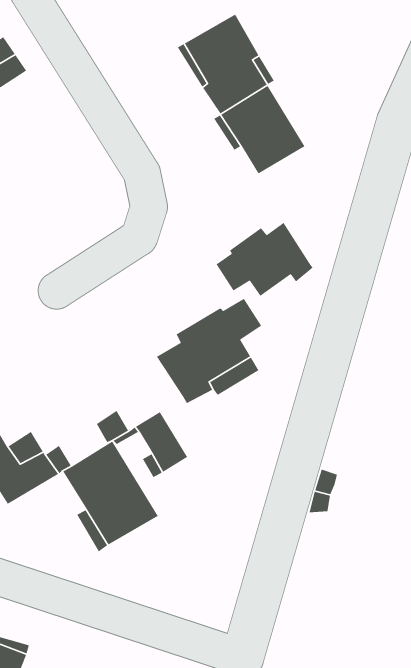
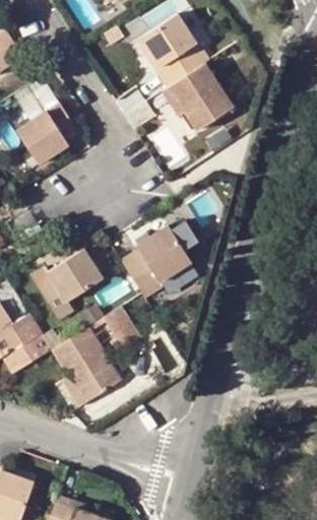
building: none -> [18,104,80,165]
building: [216,222,313,297] -> none
building: none -> [30,252,104,323]

